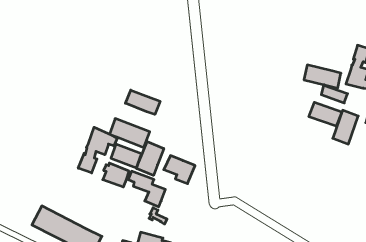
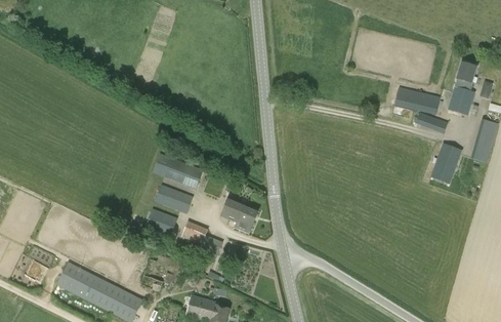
building: [125,90,160,114] -> none
building: [309,102,342,126] -> none
building: [78,127,117,173] -> none
building: [137,142,164,175] -> none

